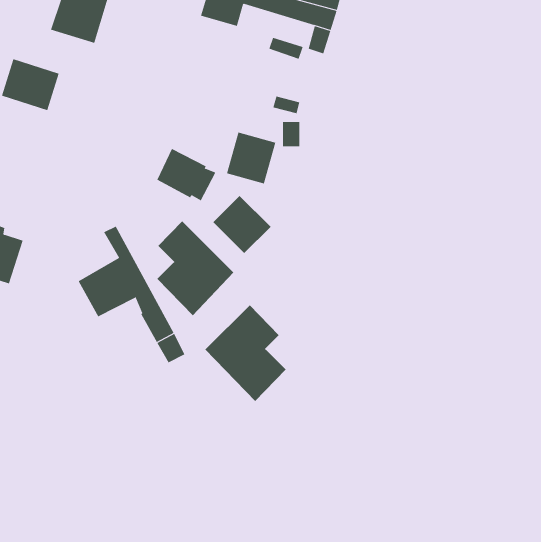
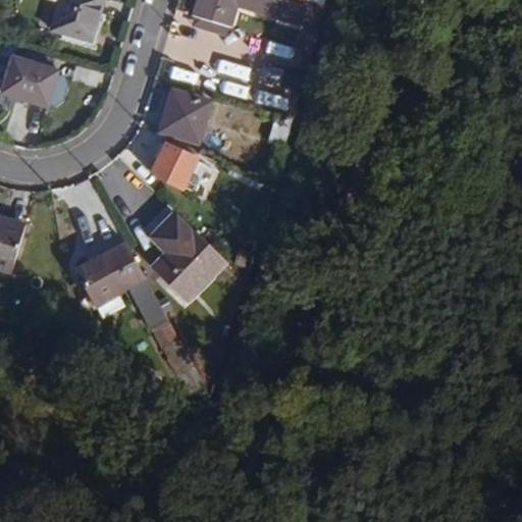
building: [226,132,276,184] -> [160,91,208,141]
building: [213,195,271,254] -> none
building: [205,304,286,402] -> none

